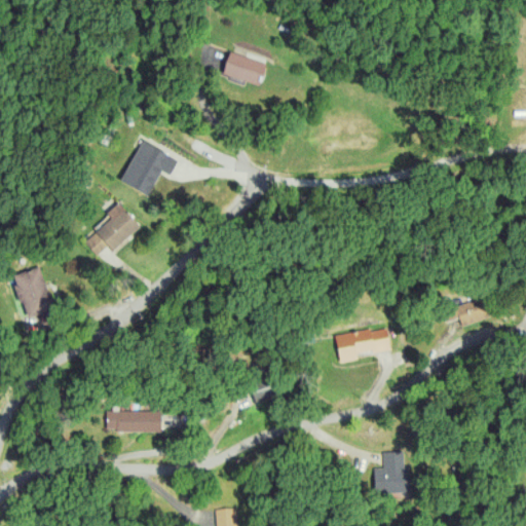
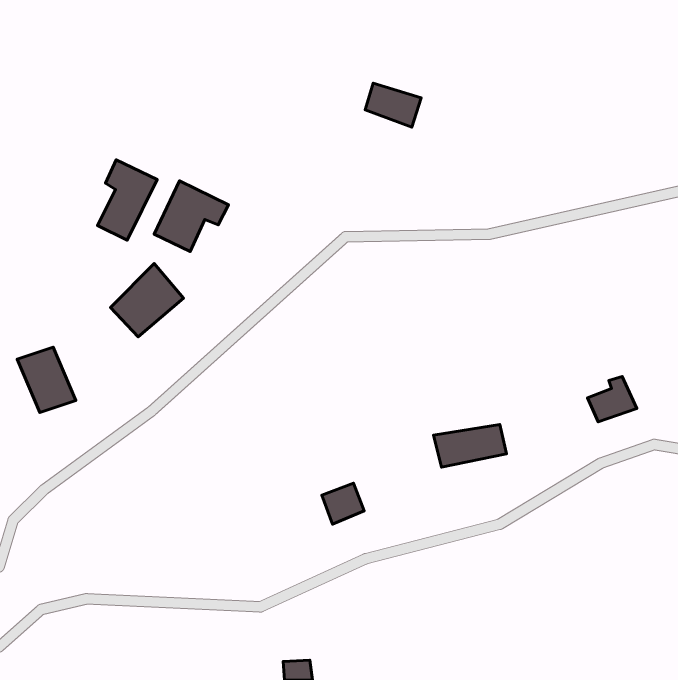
building: [224,52,267,86] -> [365,83,421,127]
building: none -> [97,160,157,240]
building: [96,411,162,434] -> none
building: [372,450,408,493] -> none

